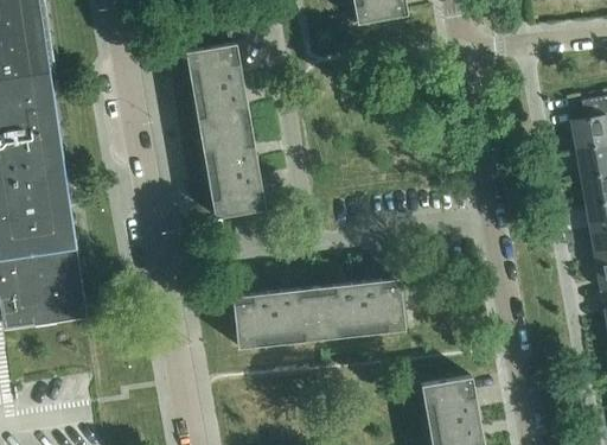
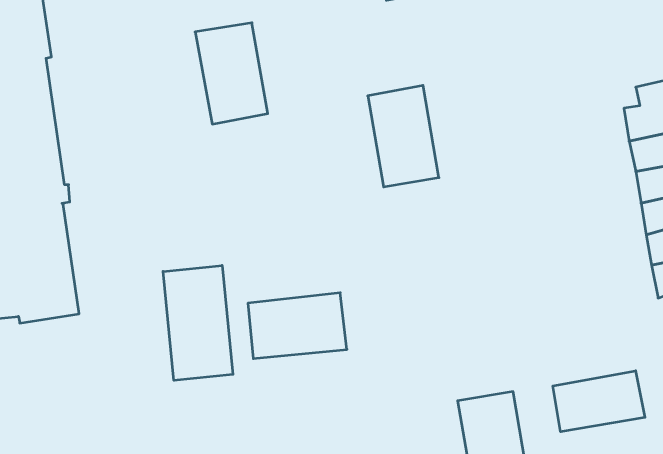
building: [199,126,263,217] -> [368,85,439,187]
building: none -> [163,265,233,380]
building: [314,278,403,338] -> none
building: none -> [553,371,645,432]

